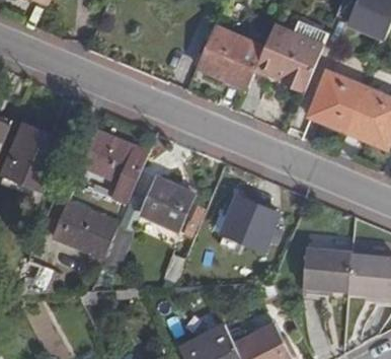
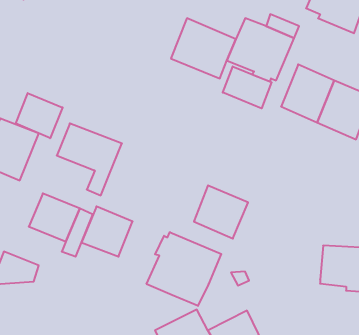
building: none -> [223,66,272,108]
building: none -> [16,93,63,138]
building: [141,175,192,226] -> [81,206,133,257]
building: none -> [147,232,221,306]
building: [302,248,351,293] -> none

